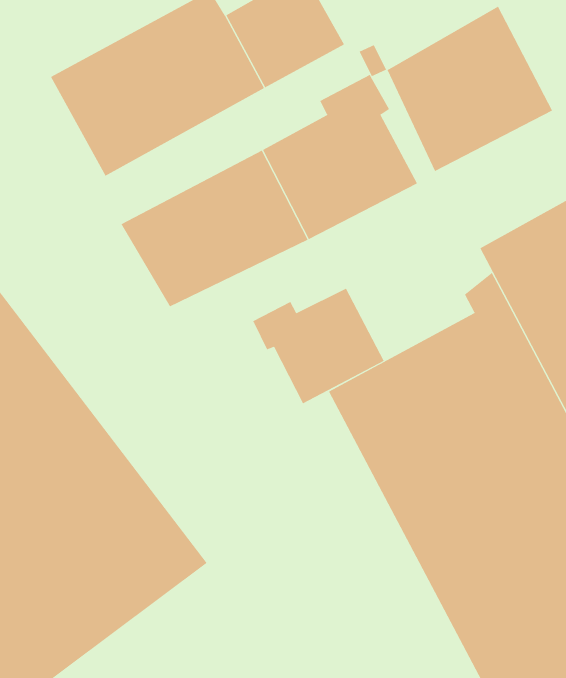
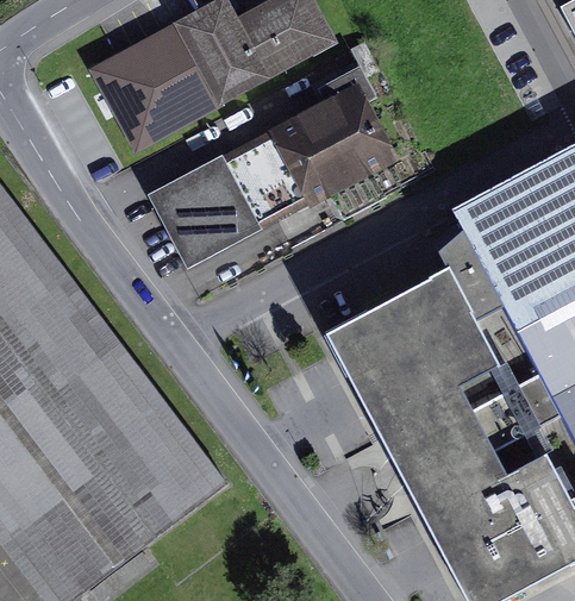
building: [387,6,553,172] -> none
building: [252,288,384,404] -> none

